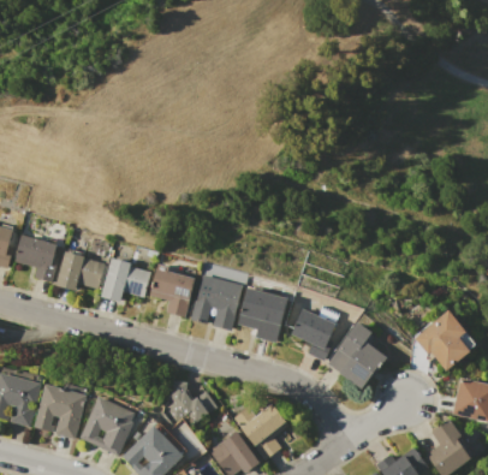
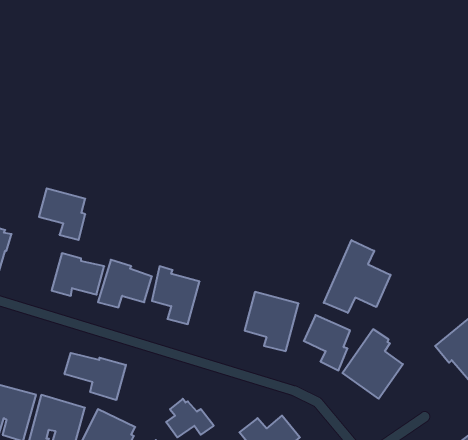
building: [14,234,58,283] -> [39,188,85,240]
building: none -> [324,240,391,313]
building: [190,274,243,331] -> none
building: none -> [65,353,126,400]

